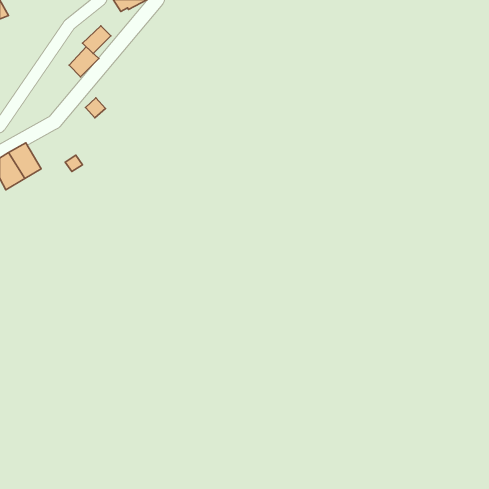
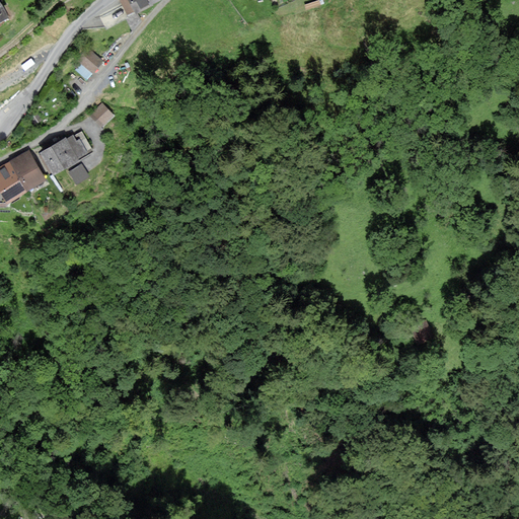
building: [82,26,111,53] -> none
building: none -> [41,131,91,171]

